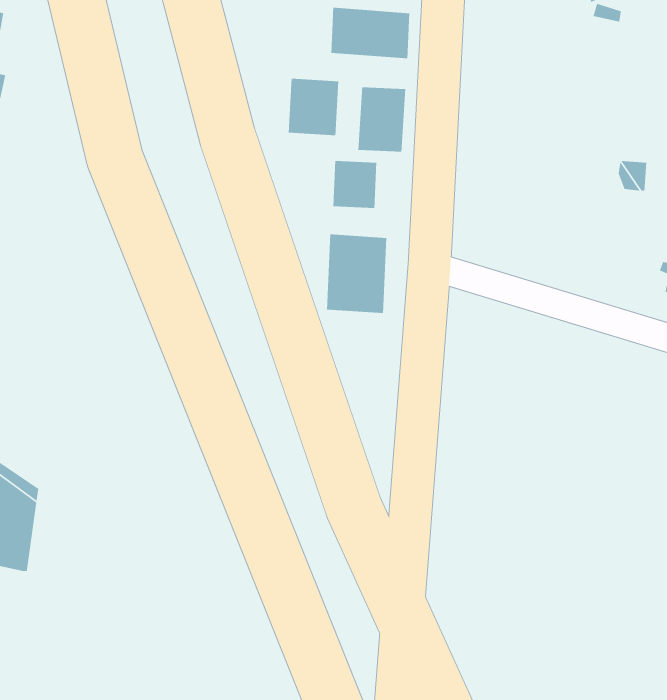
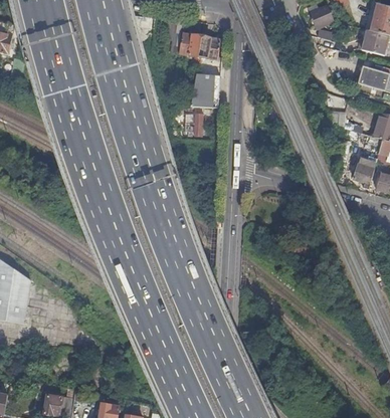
building: [288,78,339,136] -> none
building: [326,234,387,314] -> none

